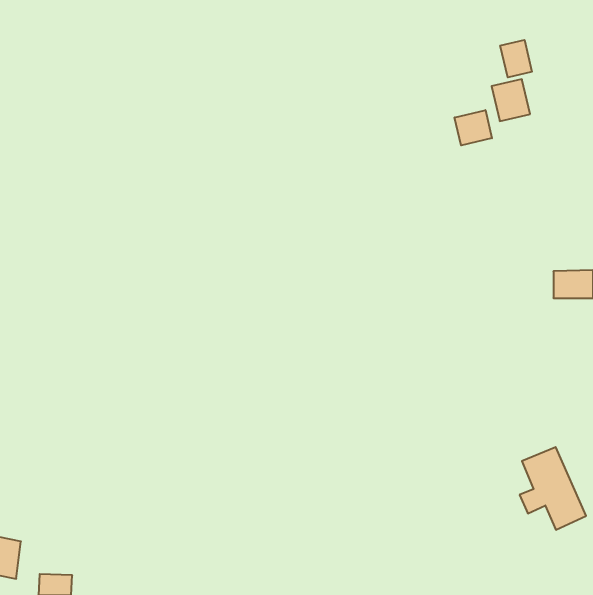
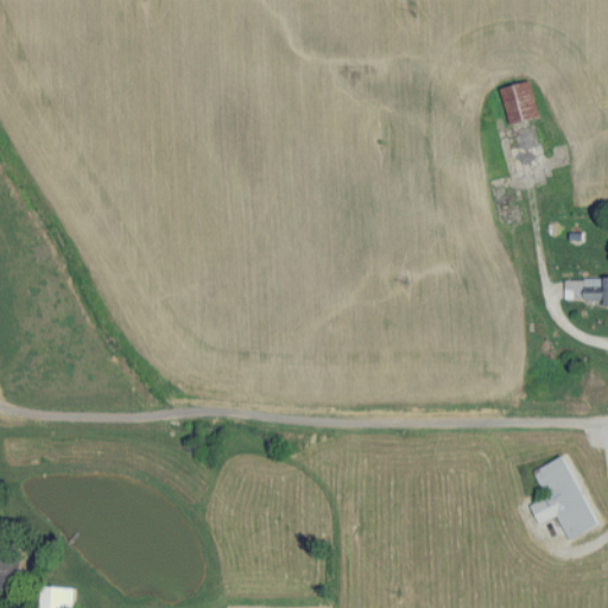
building: [500,40,532,77] -> none
building: [455,110,492,145] -> none

